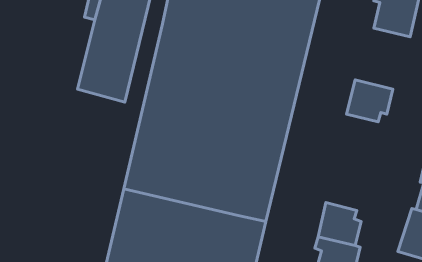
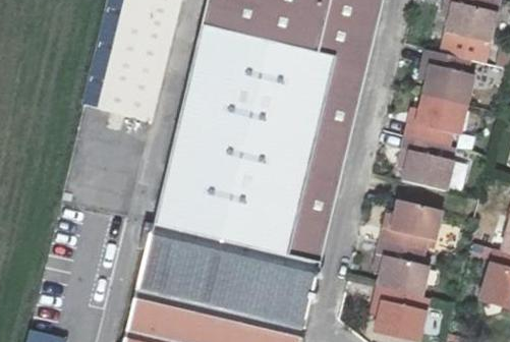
building: none -> [424,54,476,107]
building: none -> [404,136,456,190]
building: none -> [390,198,444,250]

